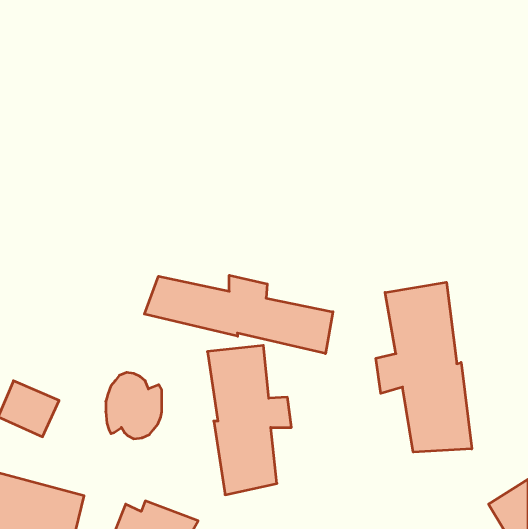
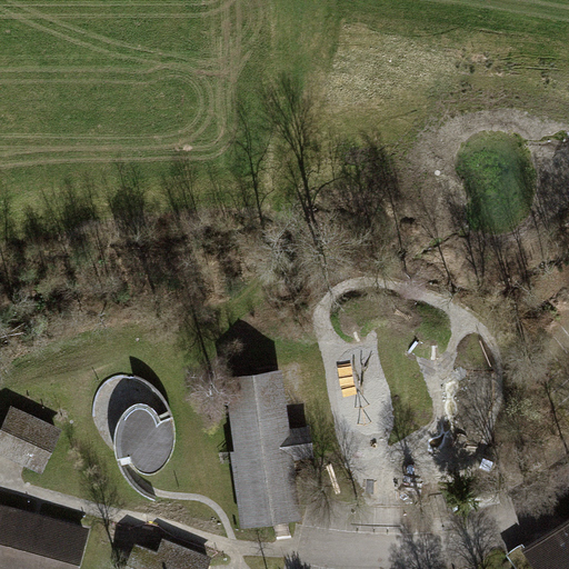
building: [144,275,333,354] -> none
building: [376,282,472,452] -> none

